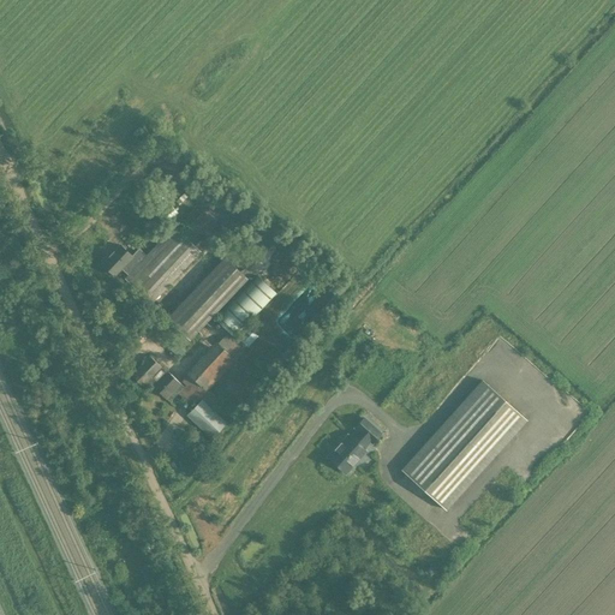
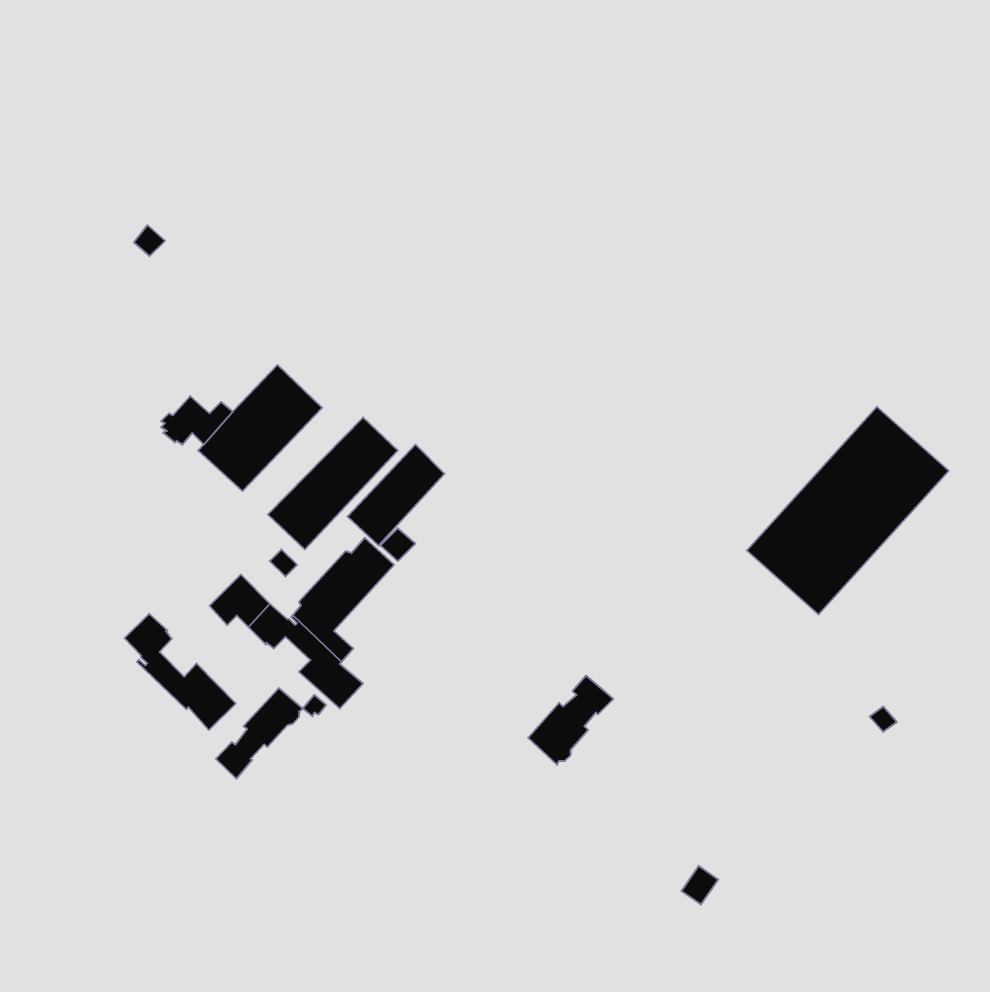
building: none -> [125,614,236,730]
building: [400,381,525,509] -> [747,407,949,614]
building: none -> [216,688,303,779]

